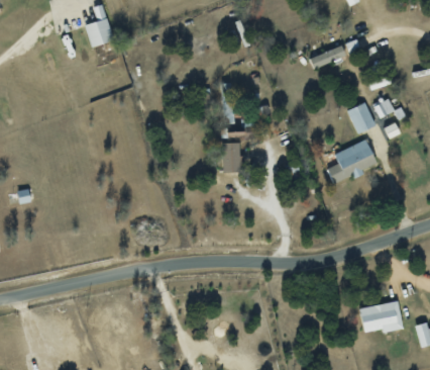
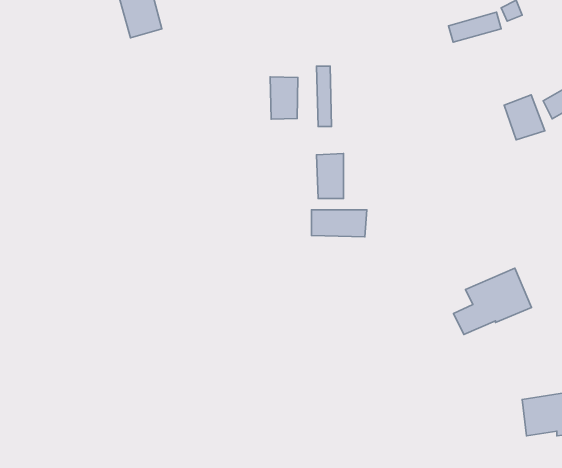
building: none -> [270,77,298,119]
building: [326,138,379,183] -> [453,268,531,334]
building: none -> [312,210,367,237]

